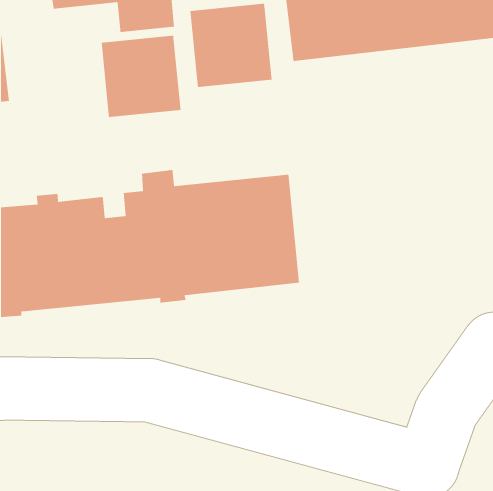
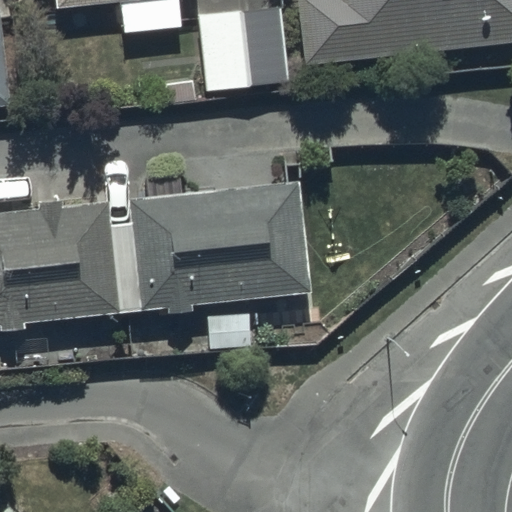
building: [101,35,181,118] -> none

